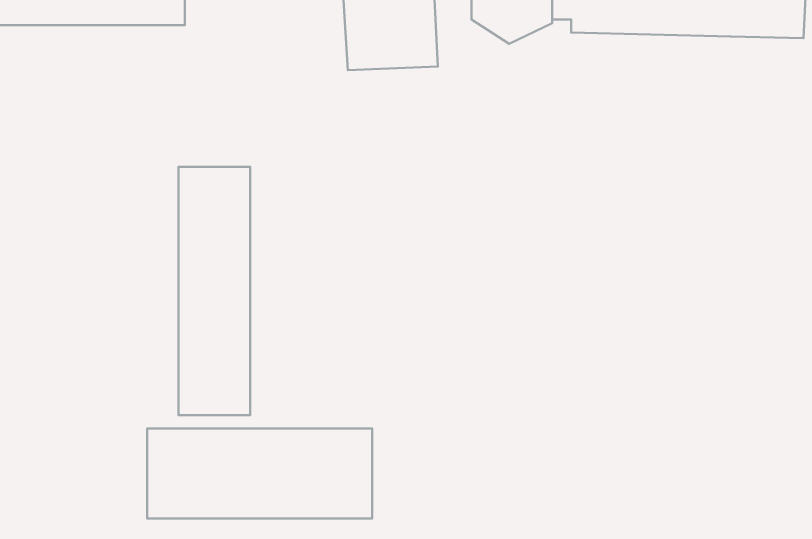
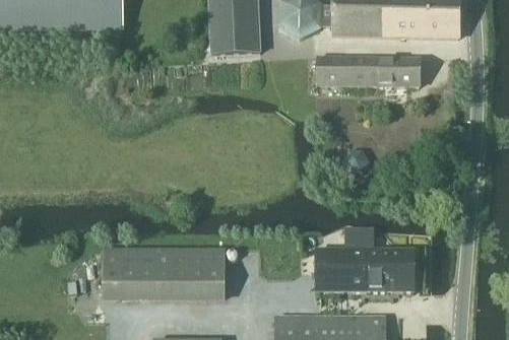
building: none -> [316,55,420,85]
building: [179,167,250,415] -> none
building: none -> [316,228,413,292]

